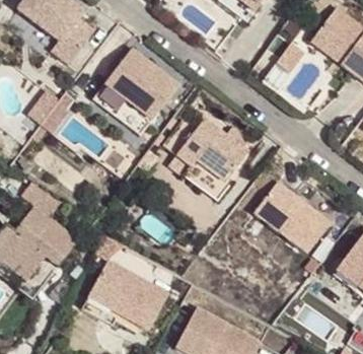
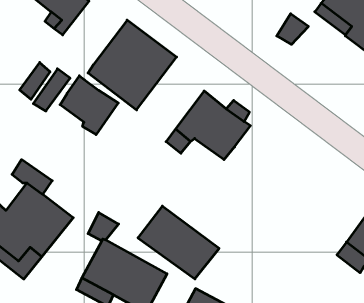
building: none -> [60,76,118,135]
building: [253,182,332,252] -> [138,206,219,279]

